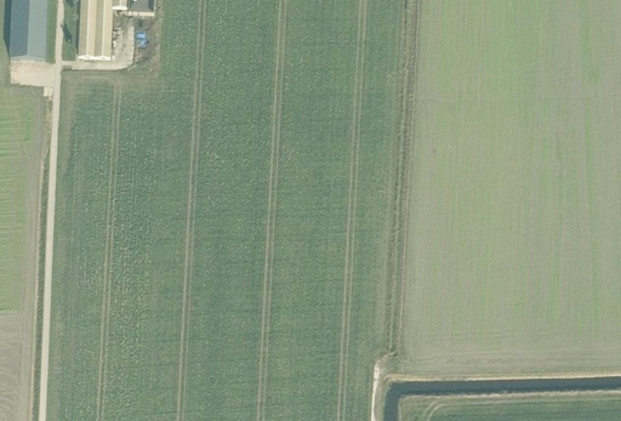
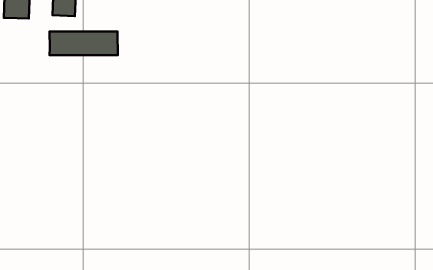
building: none -> [50,32,118,55]

